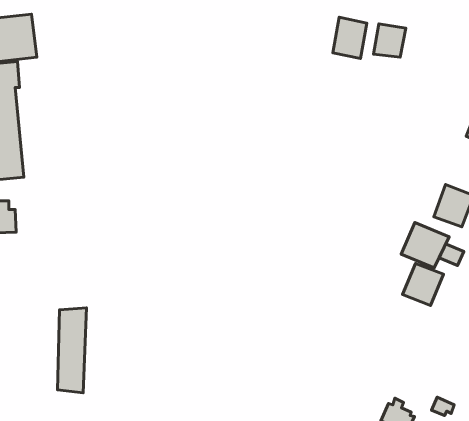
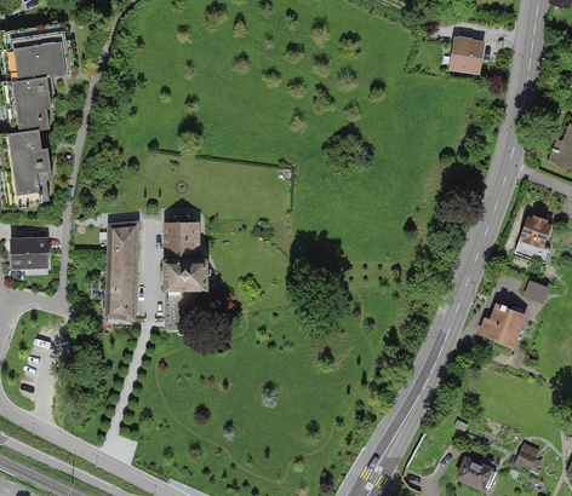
building: [333,17,367,59] -> none
building: none -> [165,225,205,299]
building: [401,223,449,268] -> none
building: [57,308,86,393] -> [105,225,138,321]

